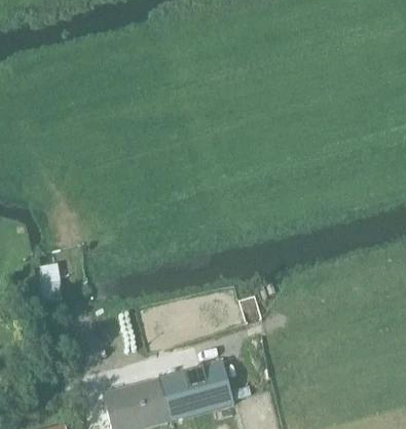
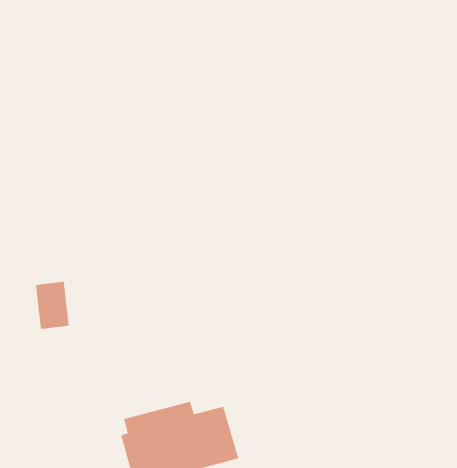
building: [190,372,223,403] -> none

